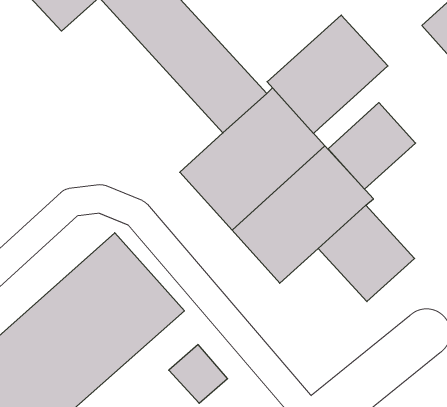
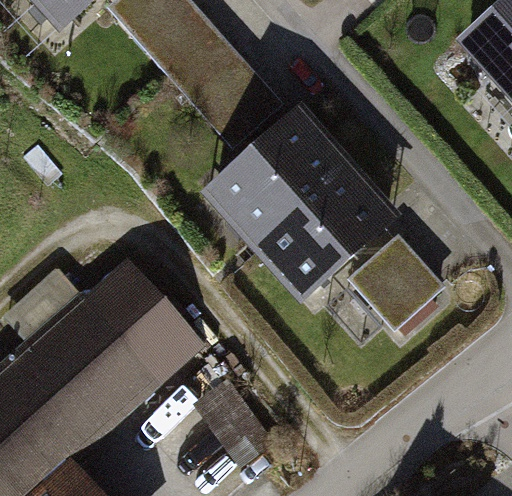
building: [267,15,388,133] -> none
building: [328,103,416,189] -> none

